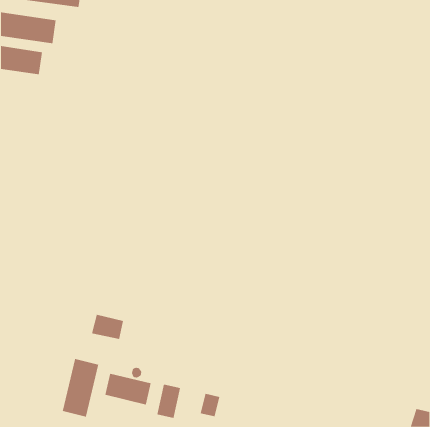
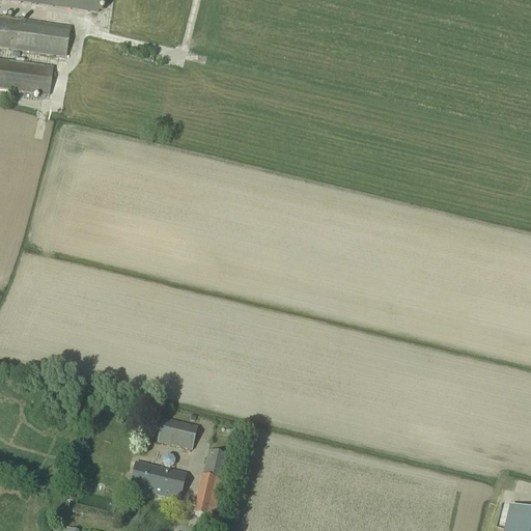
building: [91,314,124,339] -> [157,416,197,447]
building: [62,358,99,417] -> none
building: [200,393,220,417] -> [202,448,227,477]

